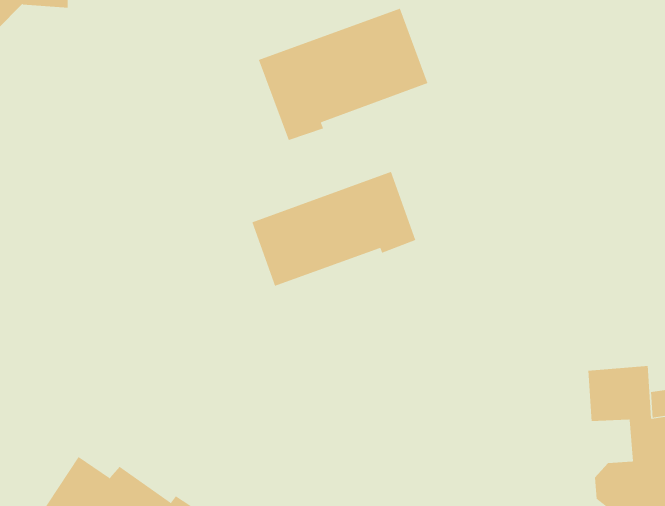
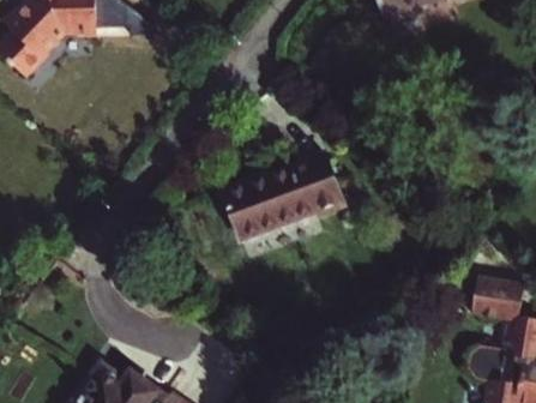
building: [258,8,428,141] -> none

